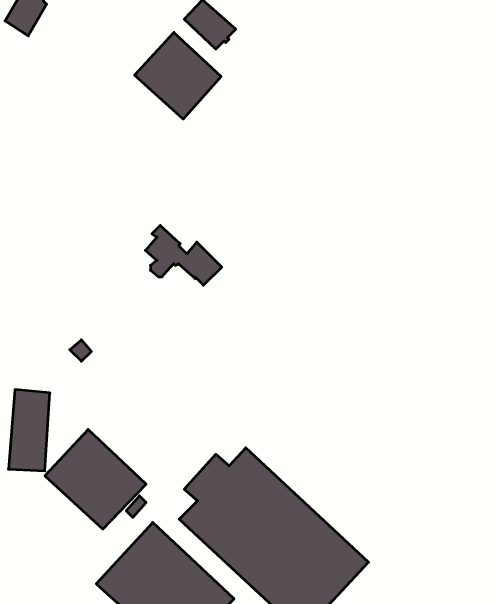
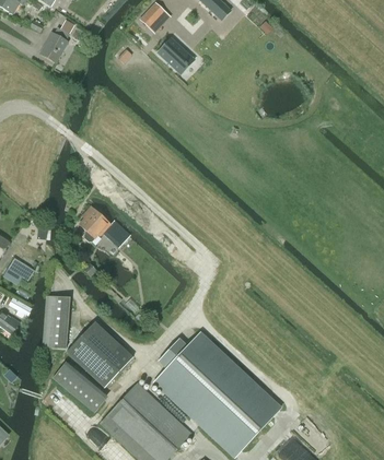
building: [135,32,221,119] -> none
building: [145,225,222,285] -> [80,208,130,247]
building: none -> [53,365,104,412]

